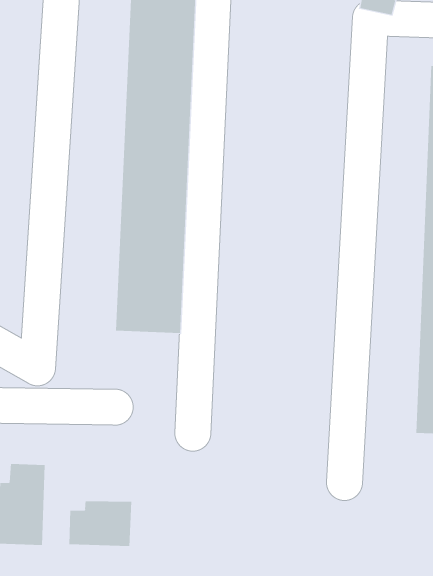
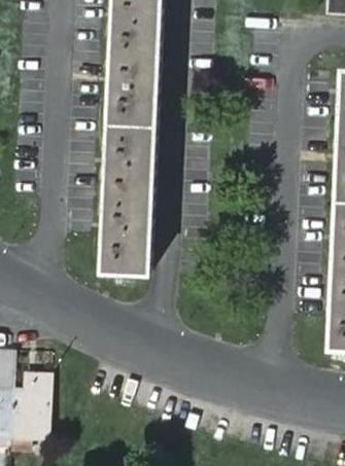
building: [69,500,132,547] -> none

